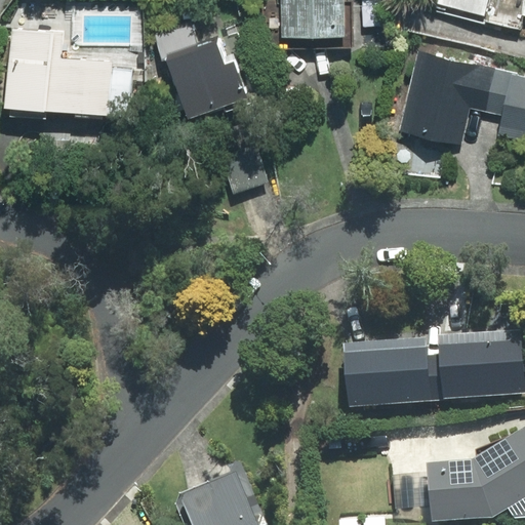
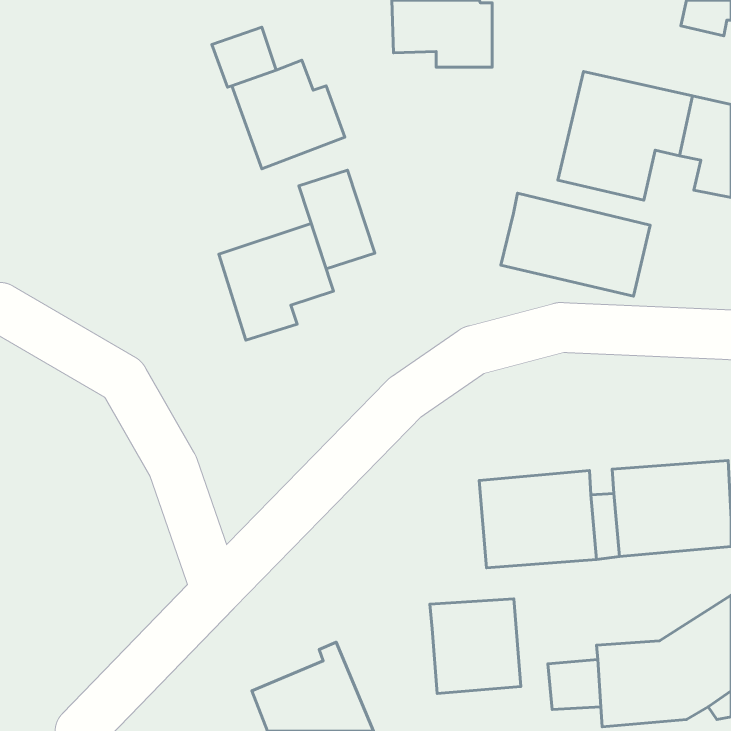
building: [5,27,132,116] -> none
building: none -> [501,193,650,296]
building: none -> [219,223,333,340]
building: none -> [430,599,521,694]

